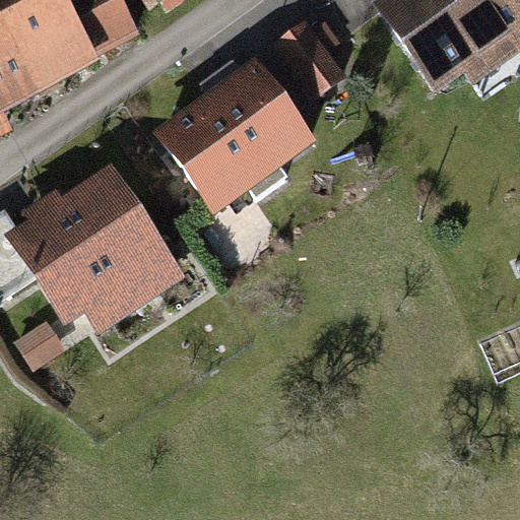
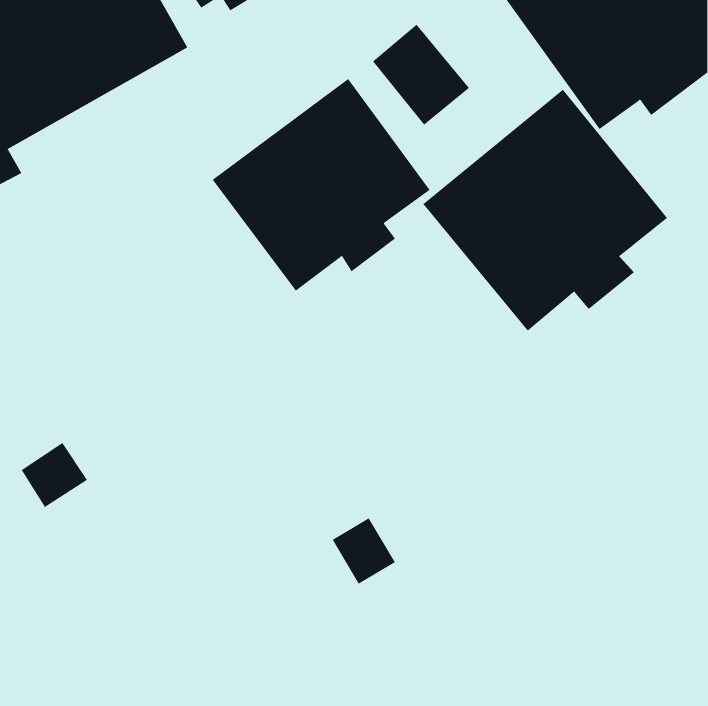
building: none -> [423,89,668,331]
building: [8,162,189,332] -> none

